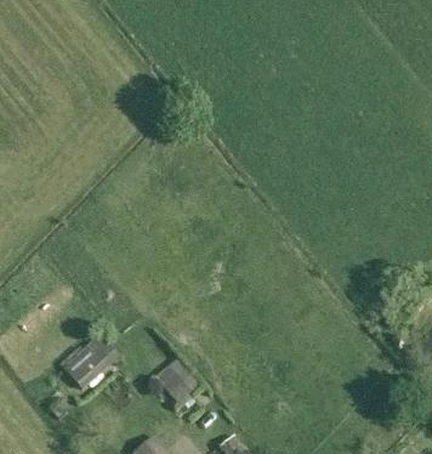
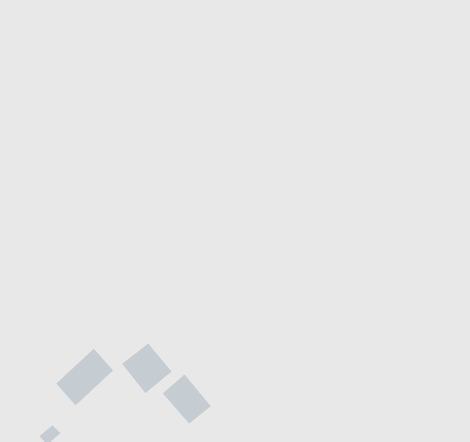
building: none -> [121,343,173,394]

